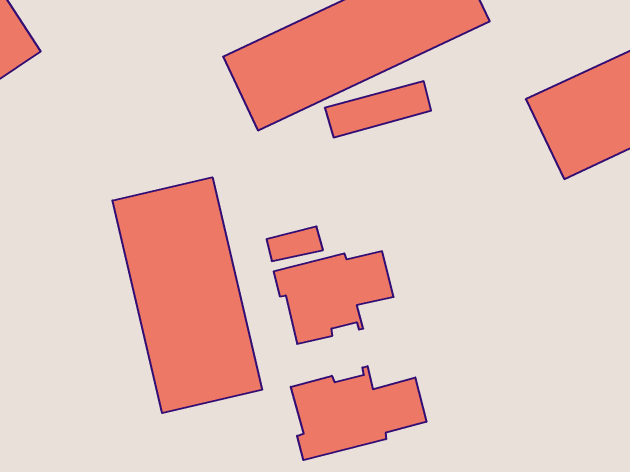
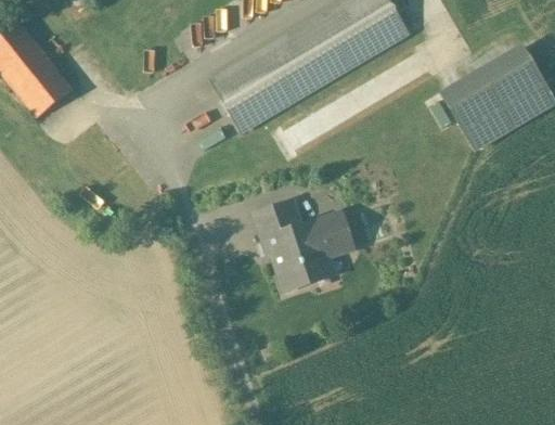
building: [112,177,262,413] -> none
building: [291,366,426,460] -> none

